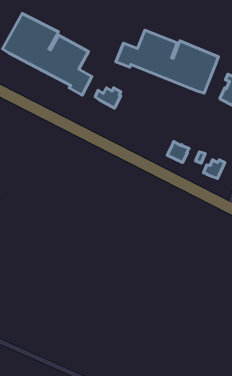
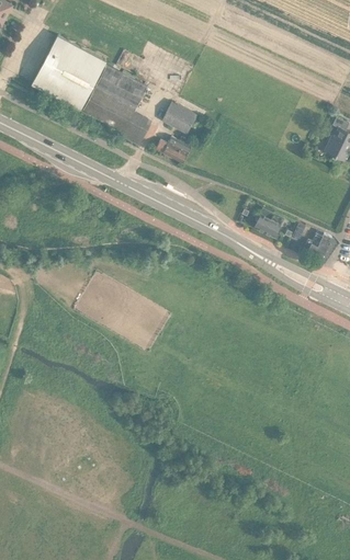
building: [116,30,218,93] -> none
building: none -> [161,102,196,134]

